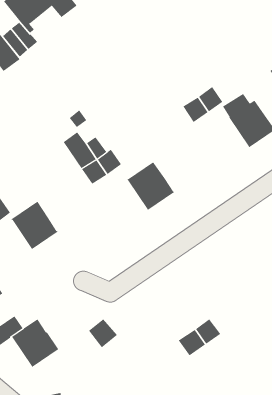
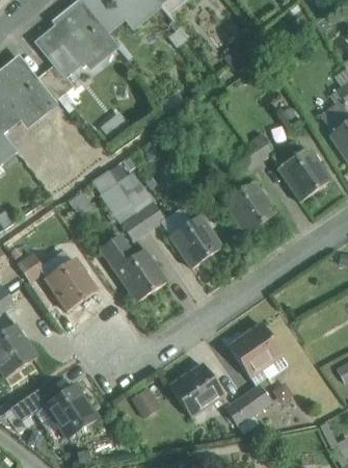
building: none -> [223,181,275,234]
building: none -> [101,236,166,301]
building: none -> [229,323,288,378]
building: none -> [169,364,223,416]

